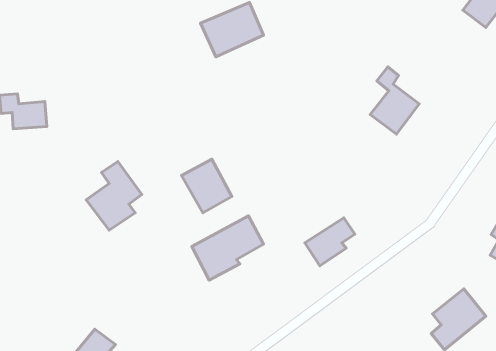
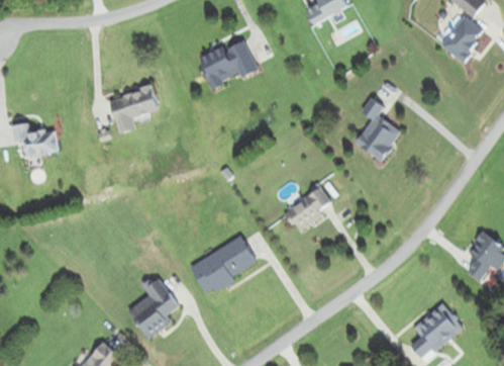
building: none -> [109,85,158,132]
building: [181,159,232,213] -> none
building: [86,162,142,230] -> [127,275,179,339]
building: [305,218,355,266] -> [284,187,330,232]

